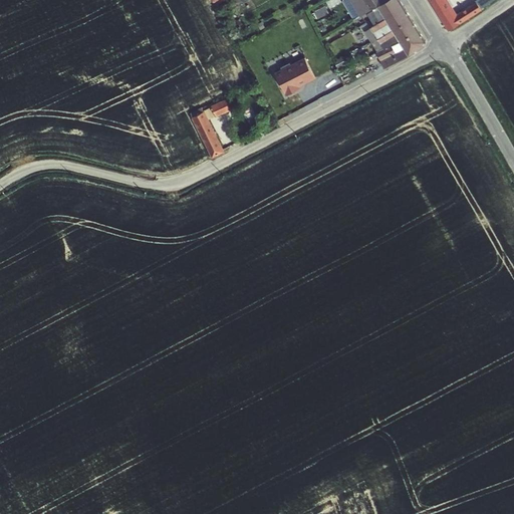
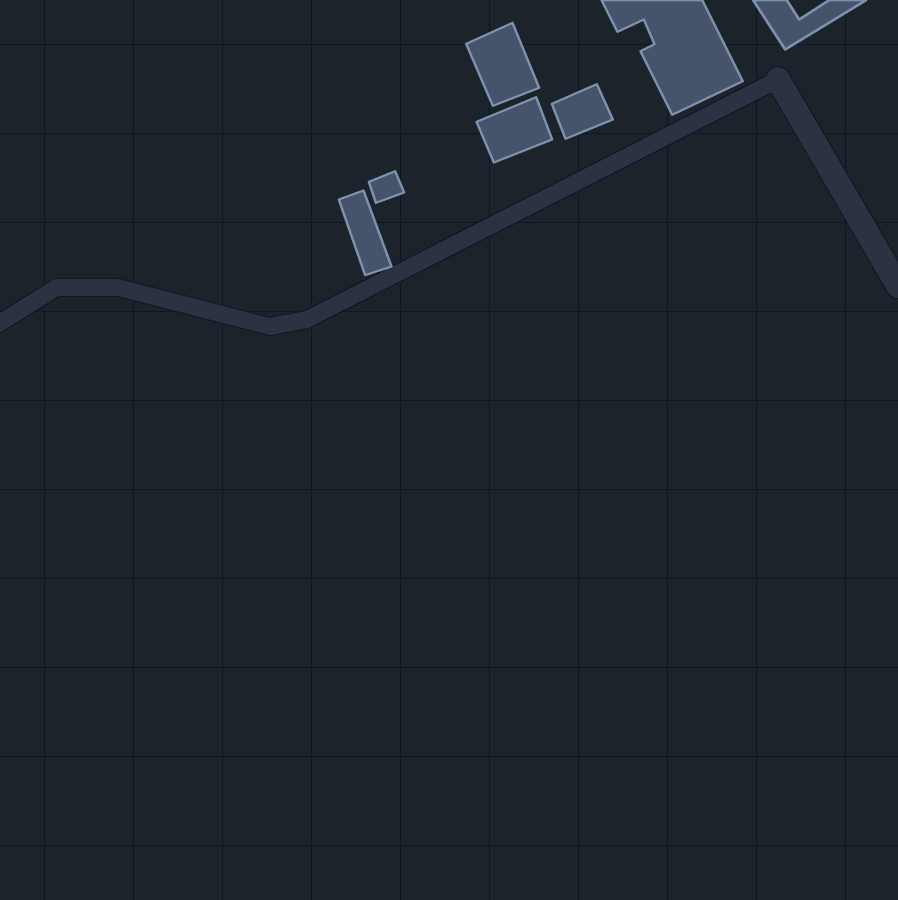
building: none -> [466,23,539,106]
building: none -> [552,84,613,139]

